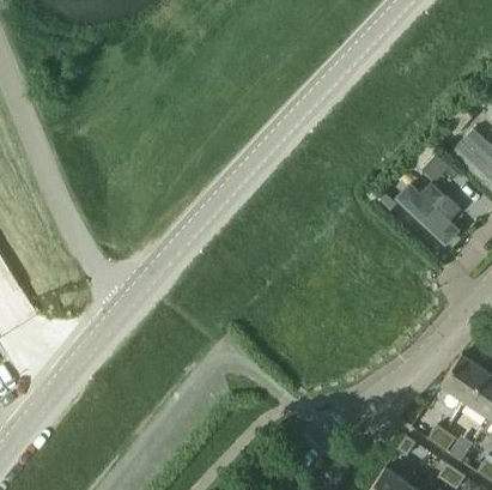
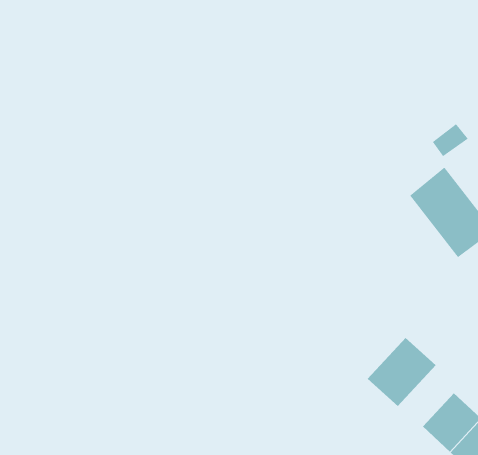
building: none -> [367,337,436,407]

